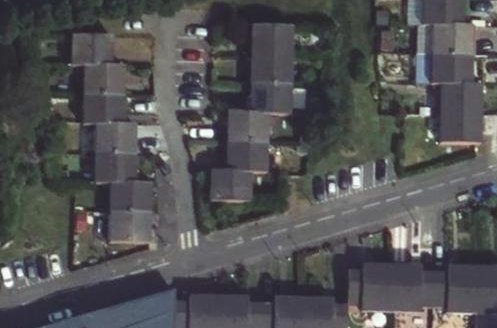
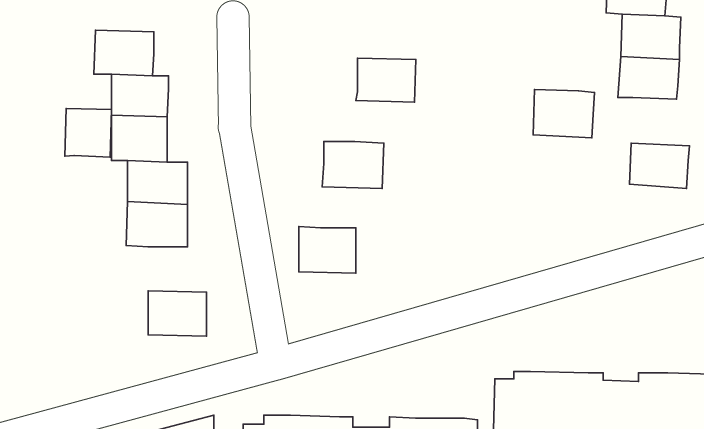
building: [252,22,292,52] -> none
building: [439,78,481,111] -> [533,90,595,138]
building: [250,80,291,109] -> none
building: none -> [65,109,111,157]
building: [227,139,269,168] -> none
building: [109,180,150,211] -> none

